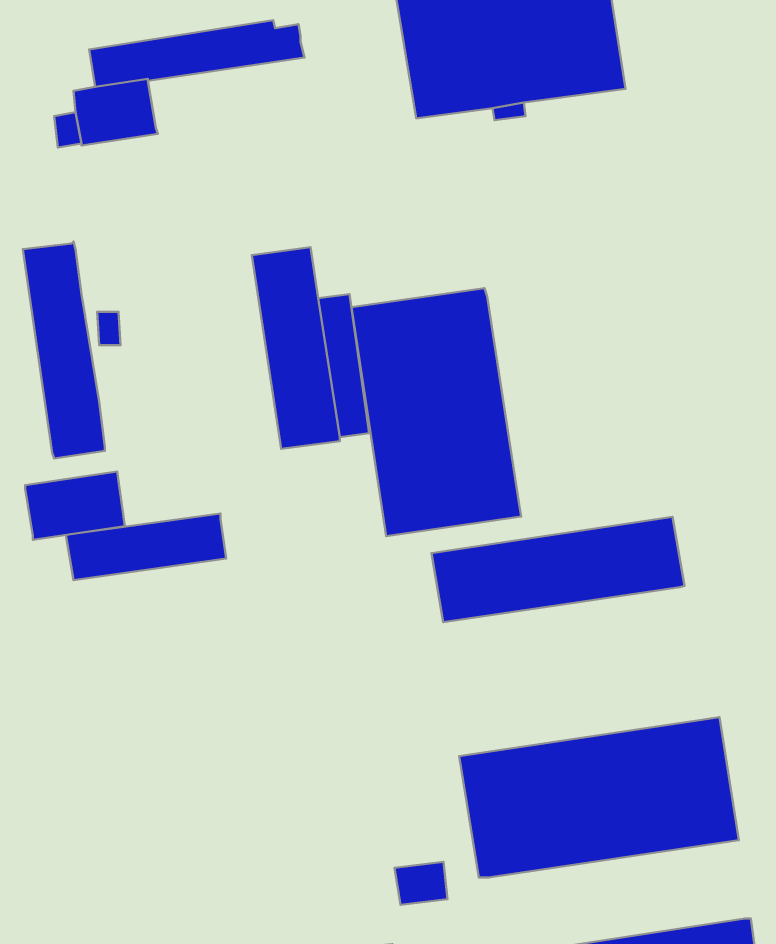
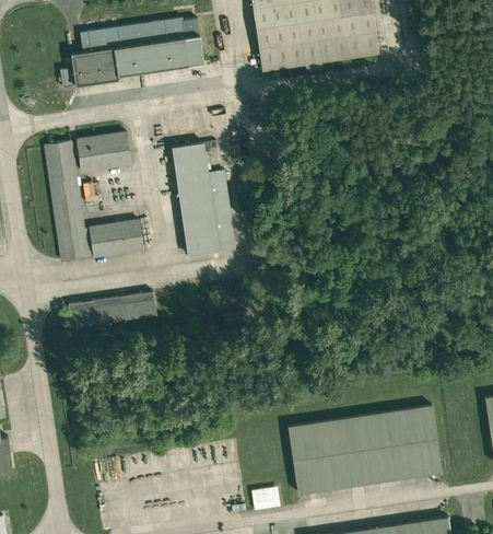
building: none -> [113,37,203,77]
building: none -> [75,131,131,172]
building: [351,288,521,536] -> none
building: [25,471,125,540] -> [89,219,144,257]
building: [432,517,684,622] -> none

